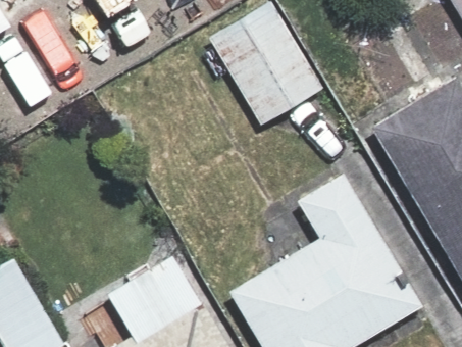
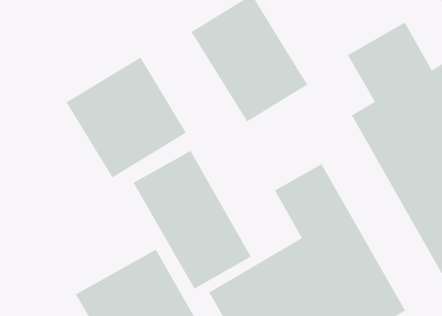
building: none -> [65,57,187,179]
building: none -> [132,150,252,290]

